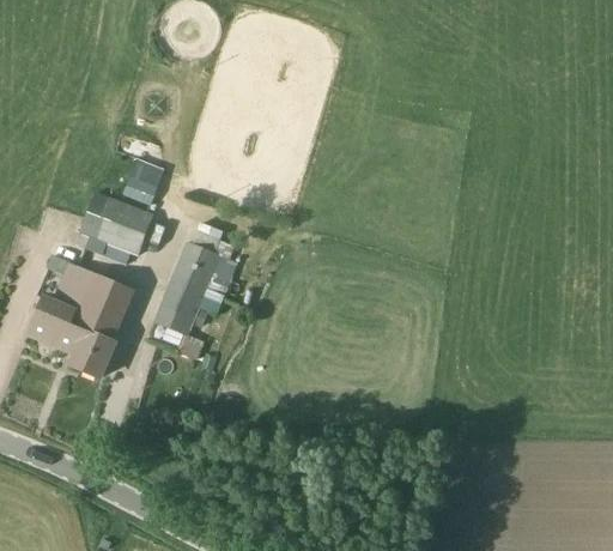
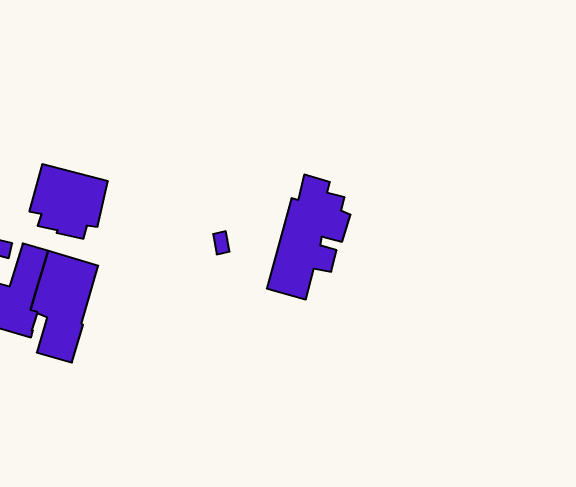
building: [122,158,164,206] -> none
building: [152,222,237,337] -> [267,175,351,299]

